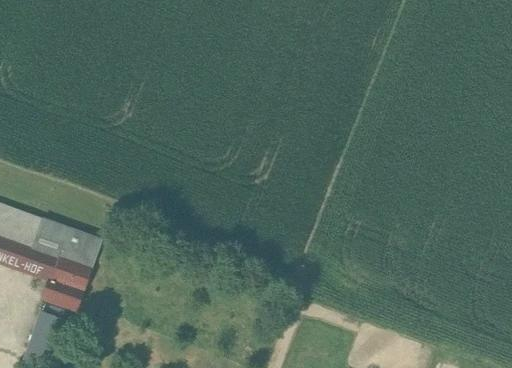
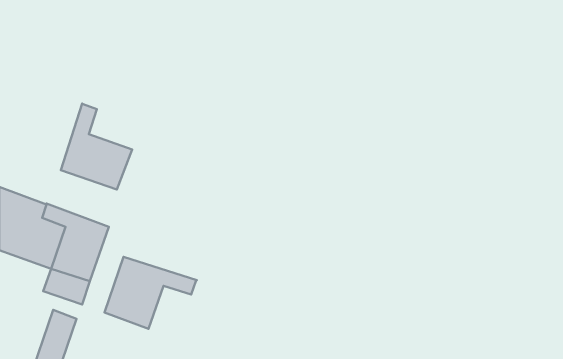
building: none -> [61,103,132,190]
building: none -> [104,257,197,329]

